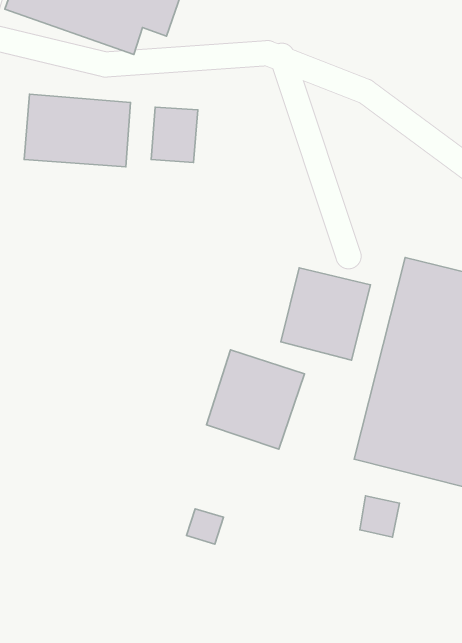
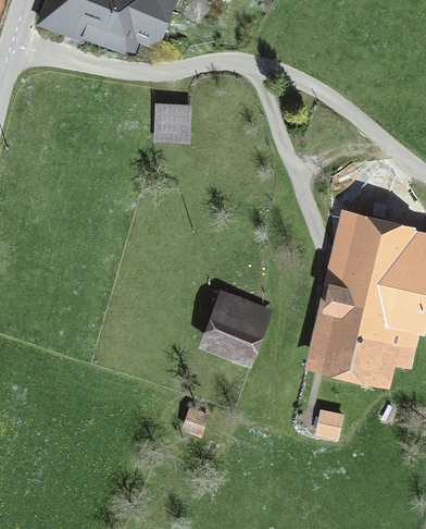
building: [24,94,130,167] -> none
building: [281,268,371,360] -> none

